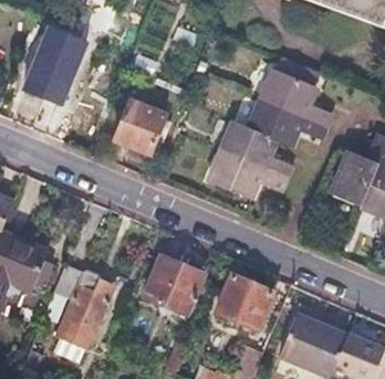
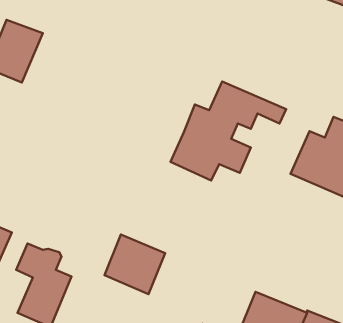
building: [261,60,331,129] -> none
building: [115,101,166,154] -> none
building: [215,274,272,329] -> none

